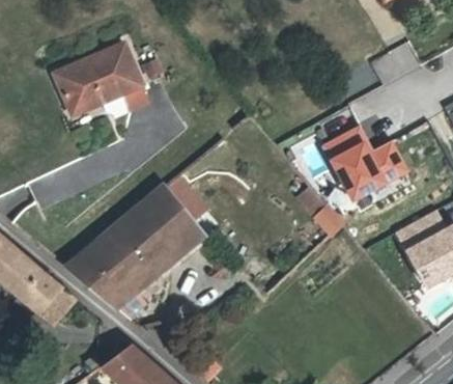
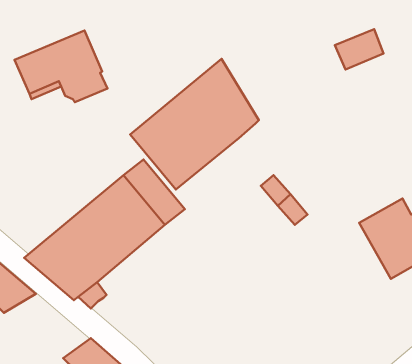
building: none -> [130,59,259,189]
building: [321,124,409,201] -> none

